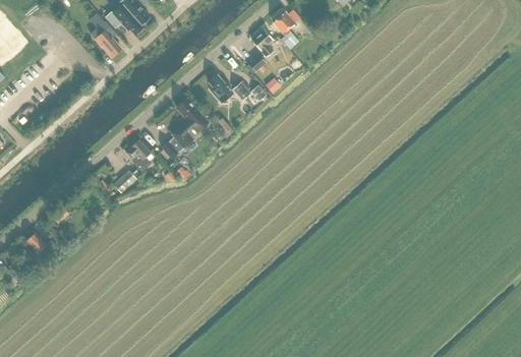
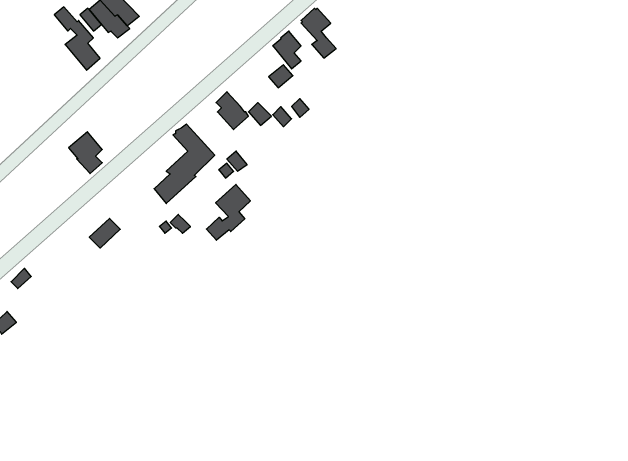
building: [125,138,151,170] -> [69,132,102,174]
building: none -> [206,184,250,240]

